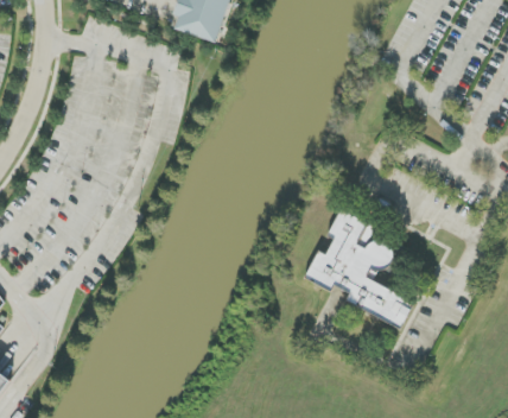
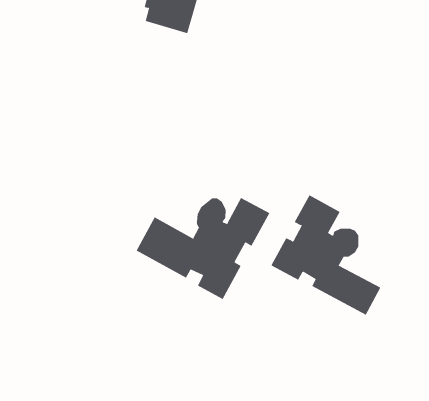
building: none -> [136,197,270,300]

